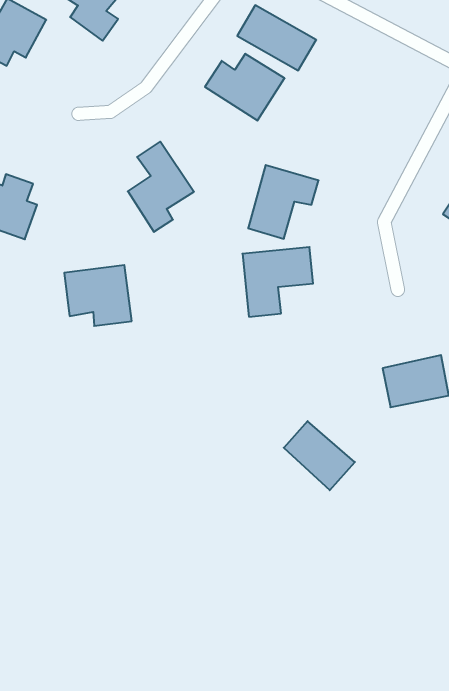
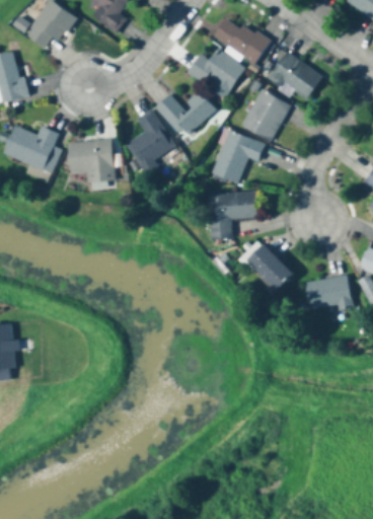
building: none -> [269,51,322,101]
building: none -> [241,89,290,142]
building: none -> [155,91,216,138]
building: [64,265,132,326] -> [68,139,115,181]
building: [284,421,355,490] -> [241,240,292,291]

